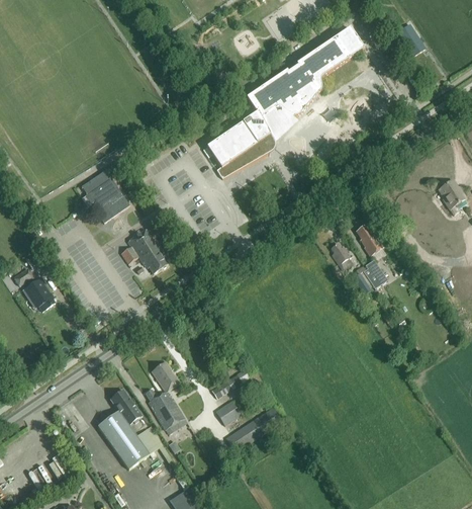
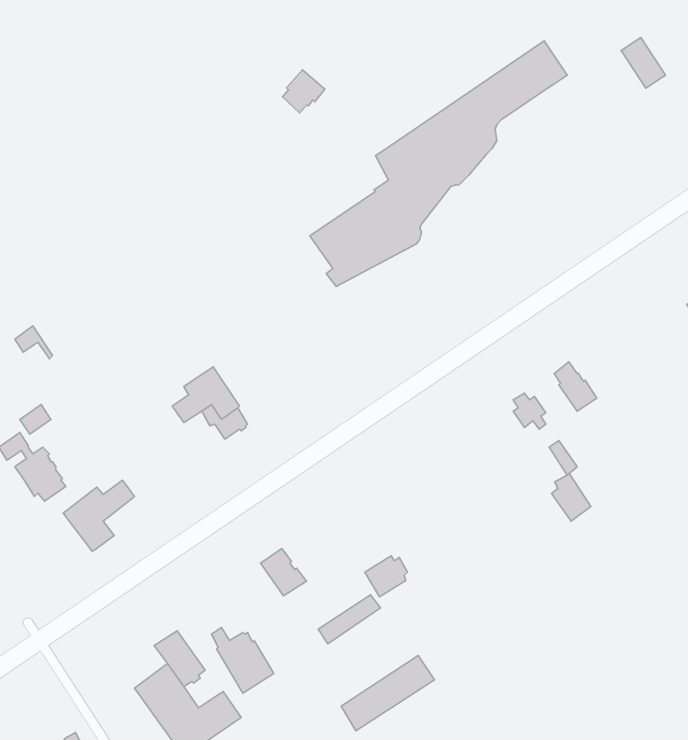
building: none -> [283,70,325,113]
building: [85,176,129,222] -> none
building: [362,259,386,288] -> [551,474,591,521]
building: none -> [63,480,134,551]
building: [151,361,179,391] -> [260,548,306,596]
building: [214,400,241,425] -> [365,556,407,597]

